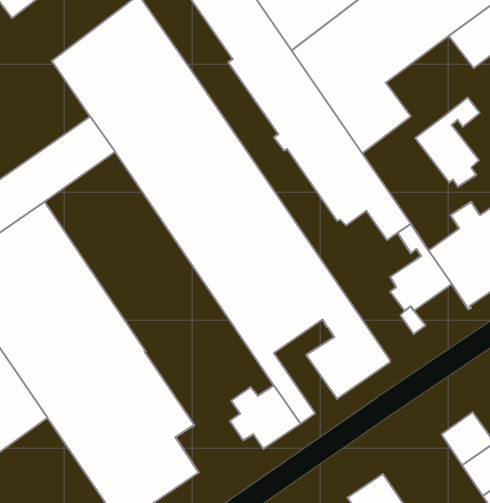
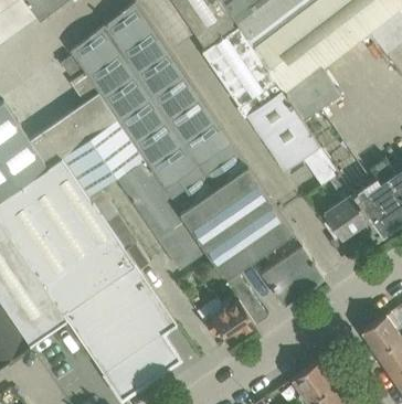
building: [415,98,480,187] -> none
building: none -> [64,120,207,270]

